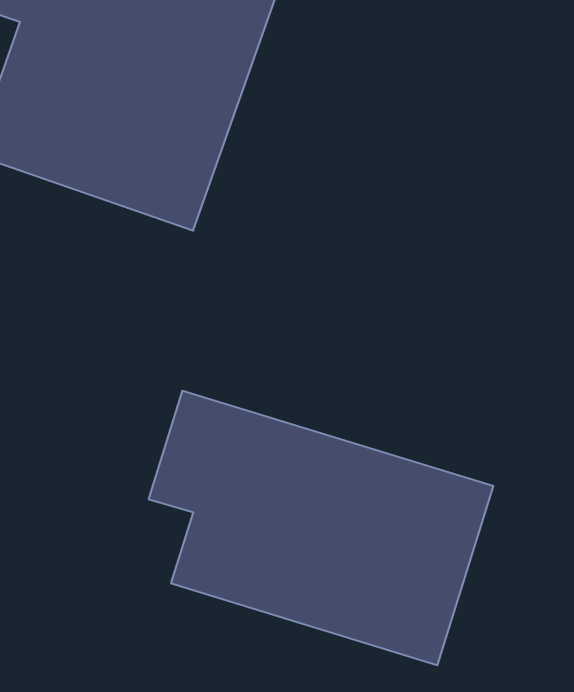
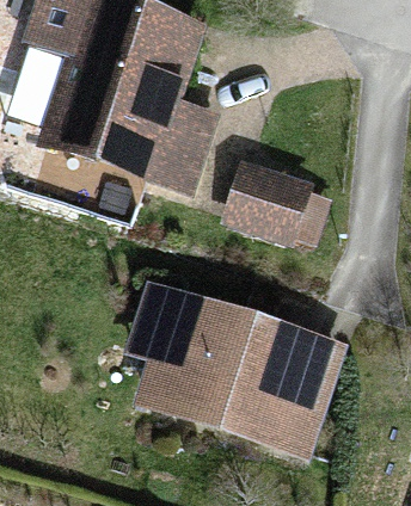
building: none -> [225,160,315,241]

